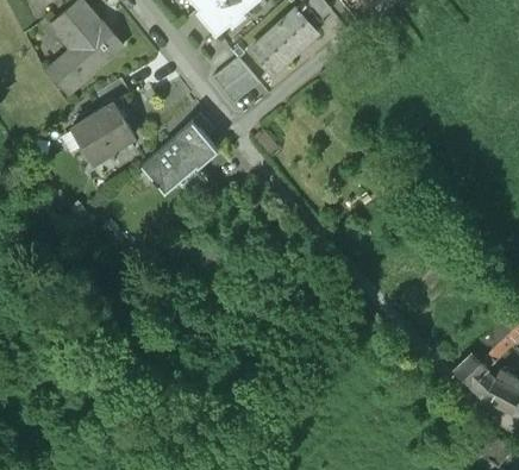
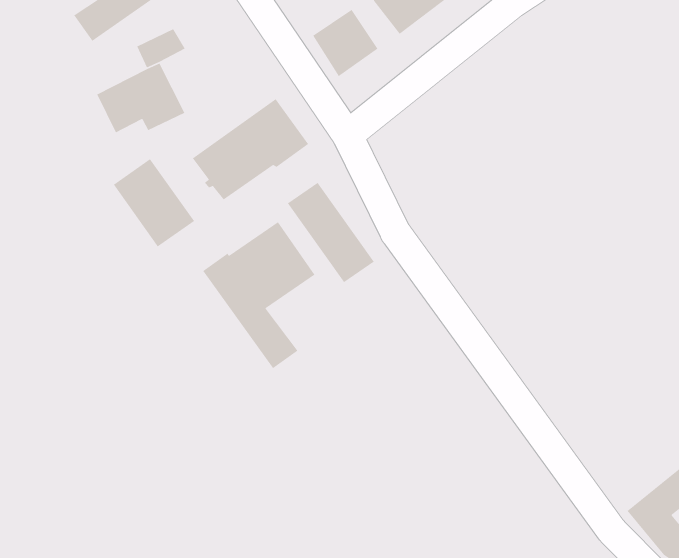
building: none -> [113,158,195,247]
building: none -> [287,182,375,283]
building: none -> [202,221,315,369]

